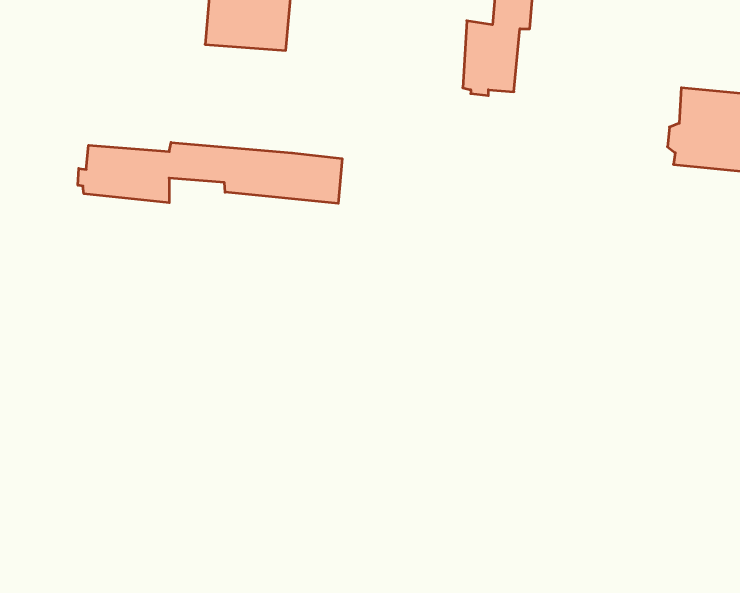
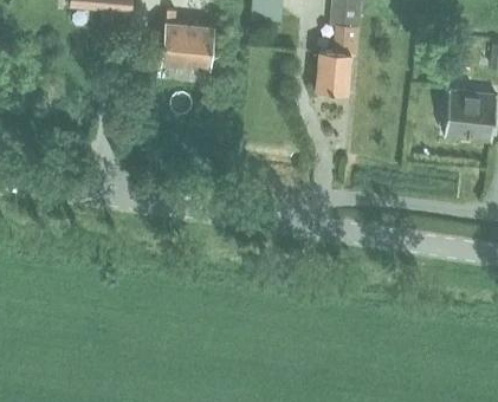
building: [78,142,342,203] -> none

